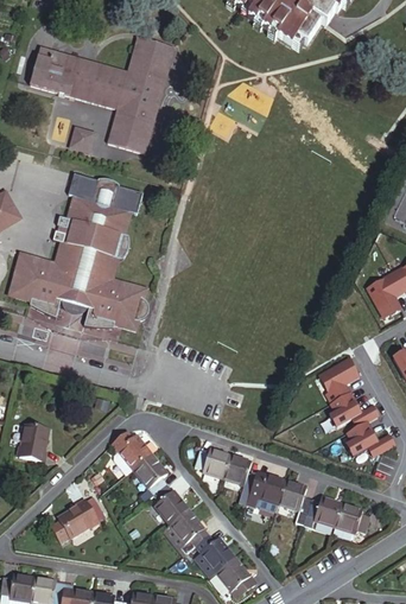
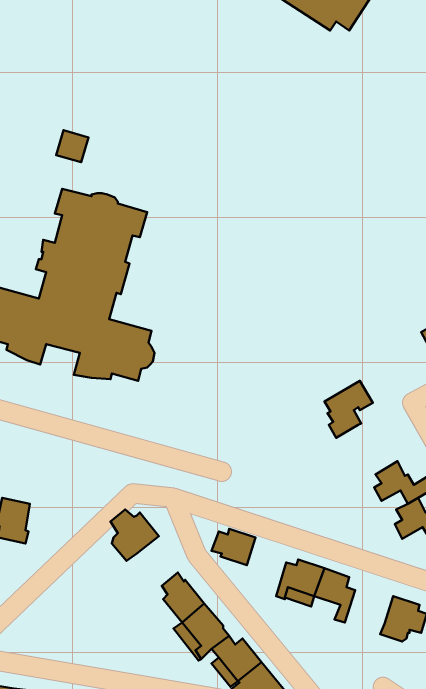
building: [31,37,176,152] -> none
building: [319,358,359,405] -> [325,381,373,438]
building: [135,454,169,502] -> none
building: [224,456,256,503] -> none
building: [304,497,343,527] -> none
building: [52,498,100,541] -> none

